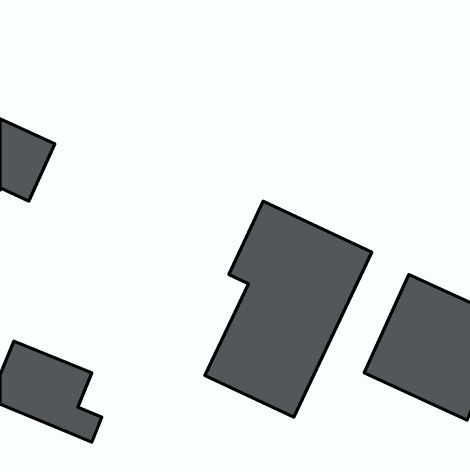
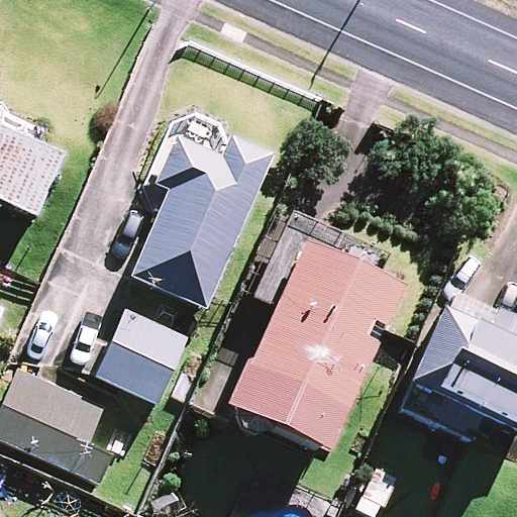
building: none -> [132,138,270,309]
building: none -> [98,313,187,405]

